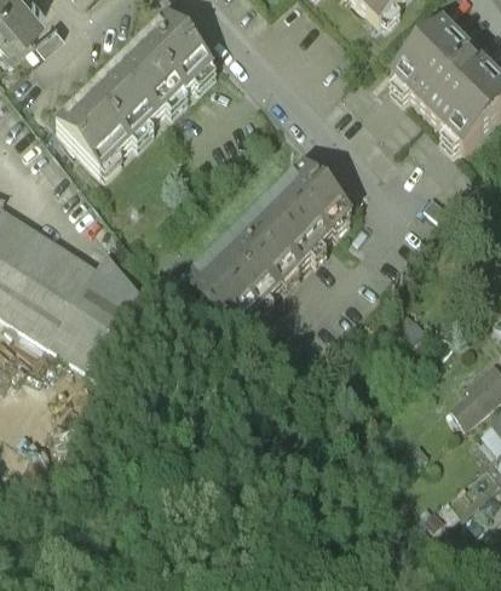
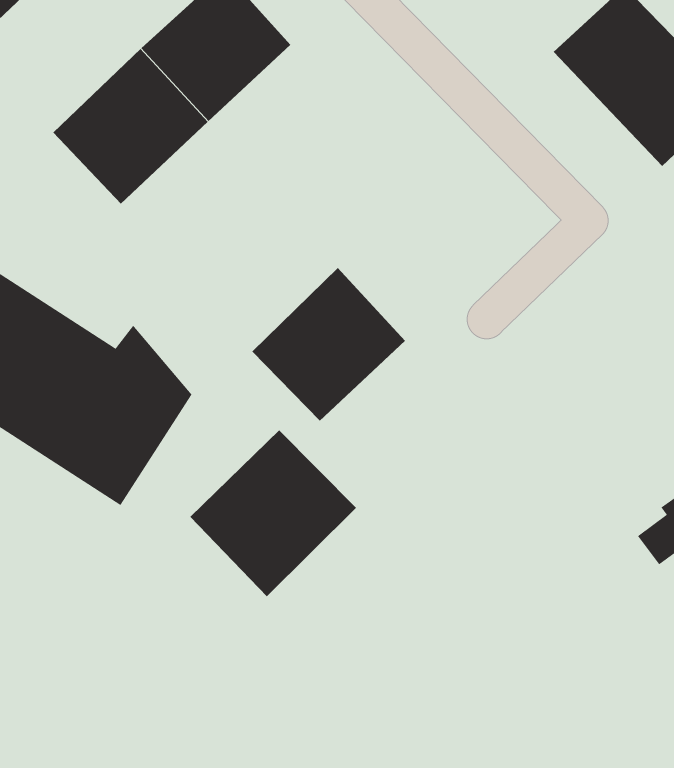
building: [244,162,347,265] -> none
building: none -> [190,429,357,597]

